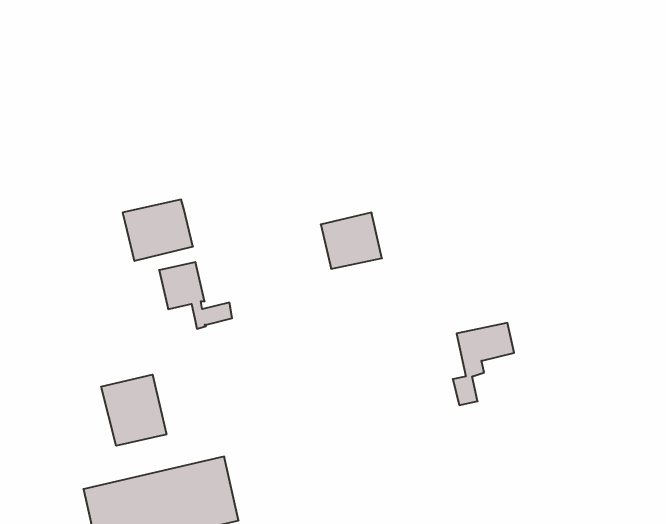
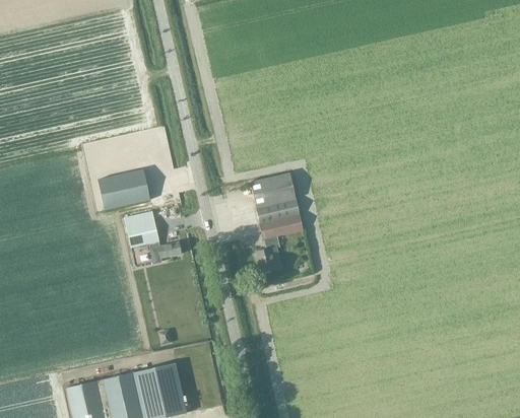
building: [453,323,514,405] -> [255,209,303,273]
building: [101,375,166,446] -> none

